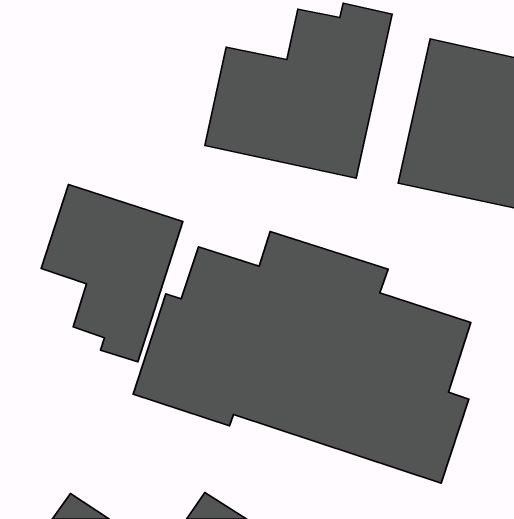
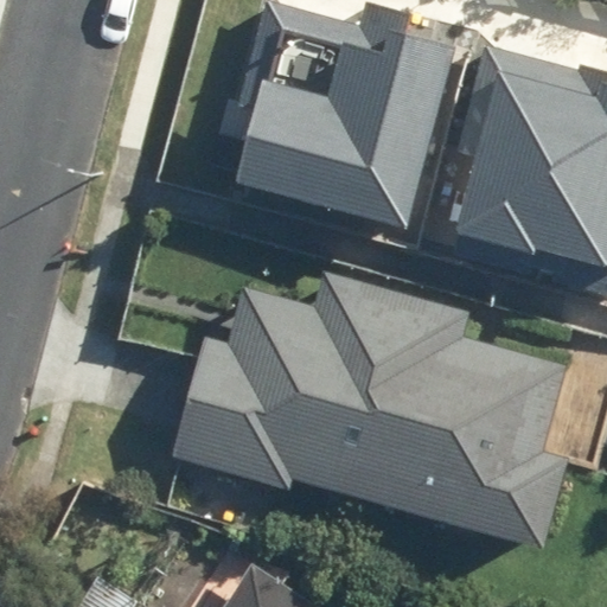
building: [41,184,183,362] -> none

